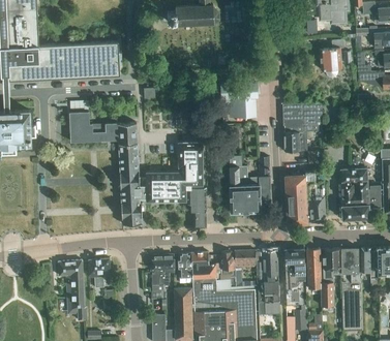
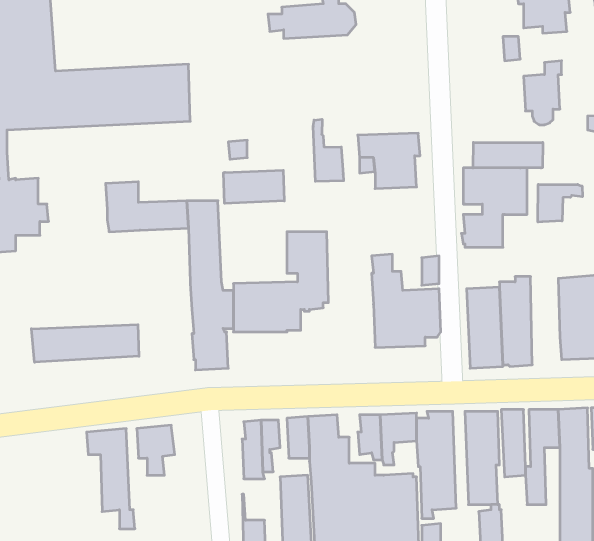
building: none -> [313,119,344,181]
building: none -> [473,142,543,168]
building: none -> [224,170,284,203]
building: none -> [538,184,582,222]
building: [188,187,206,227] -> none
building: none -> [31,325,139,362]

